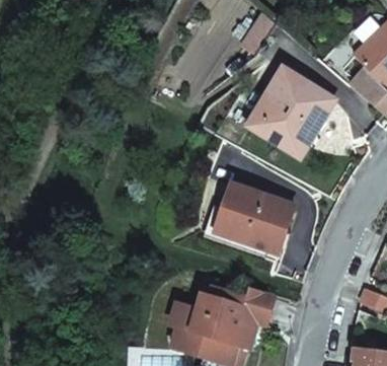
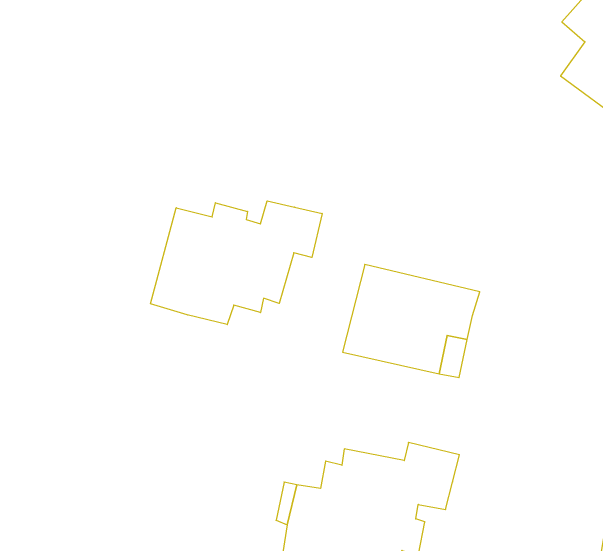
building: [248,68,335,157] -> none
building: none -> [150,201,322,325]

